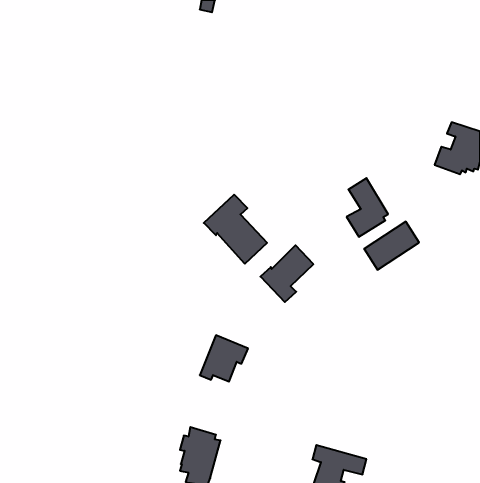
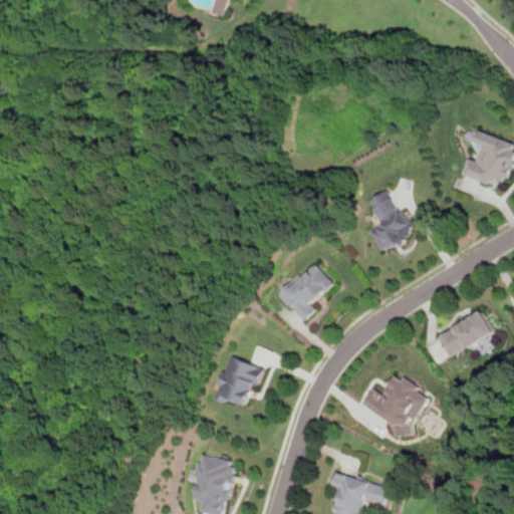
building: [204,195,267,264] -> none
building: [364,222,419,270] -> [437,308,495,359]
building: none -> [362,376,427,438]

